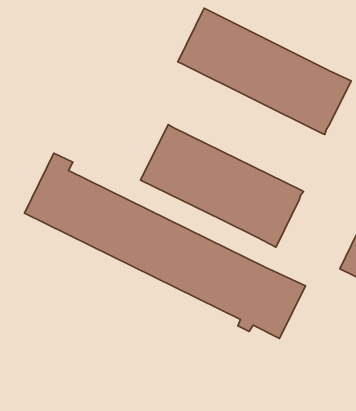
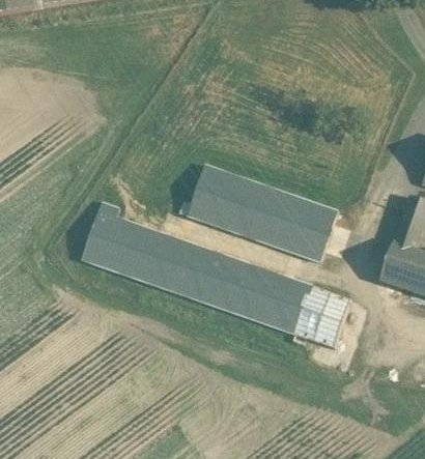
building: [178,8,351,134] -> none

